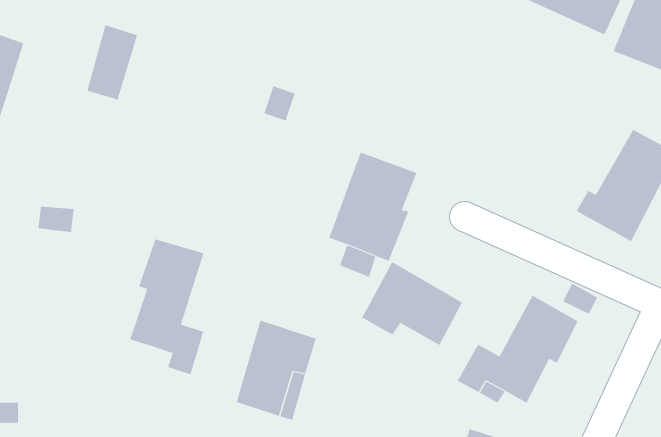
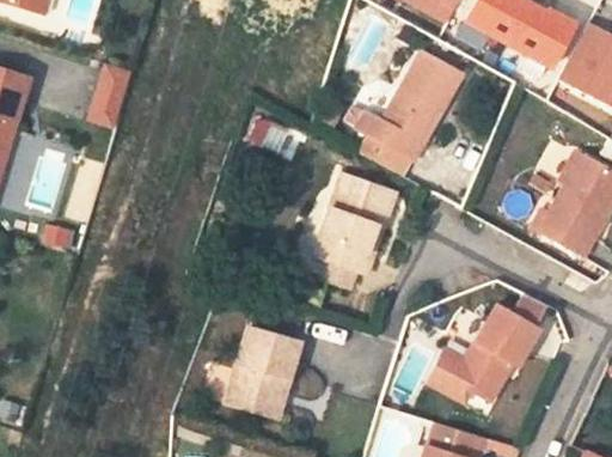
building: none -> [348,54,458,165]
building: [129,238,204,375] -> none
building: [361,261,463,346] -> none

